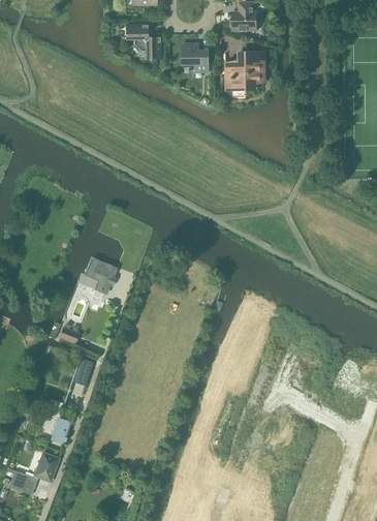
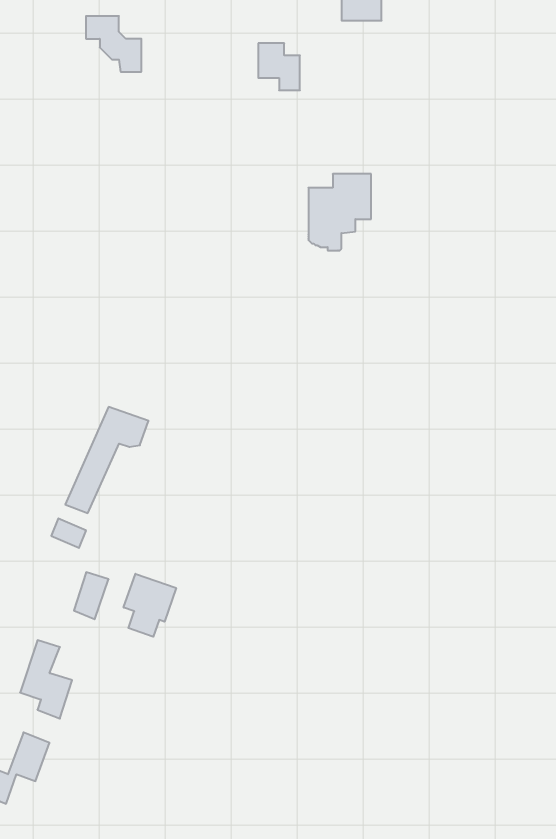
building: [124,25,157,58] -> [86,16,141,72]
building: [224,54,261,99] -> [308,174,371,250]
building: none -> [124,574,176,637]

